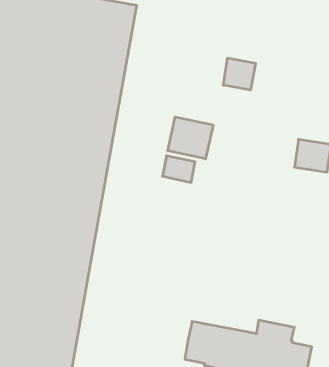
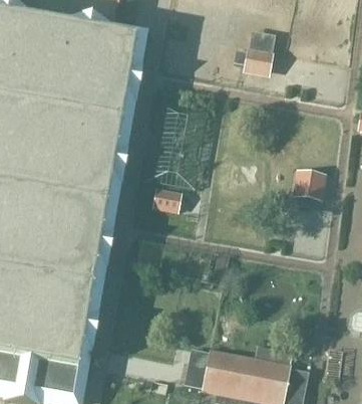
building: [223,58,256,90] -> [242,46,274,77]
building: [168,117,213,159] -> none

